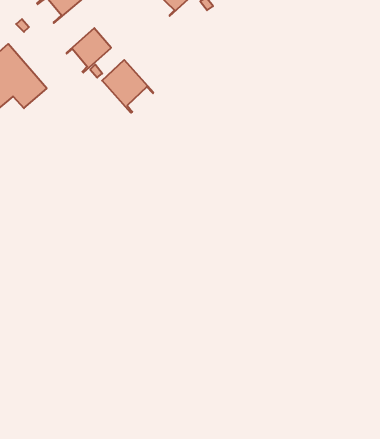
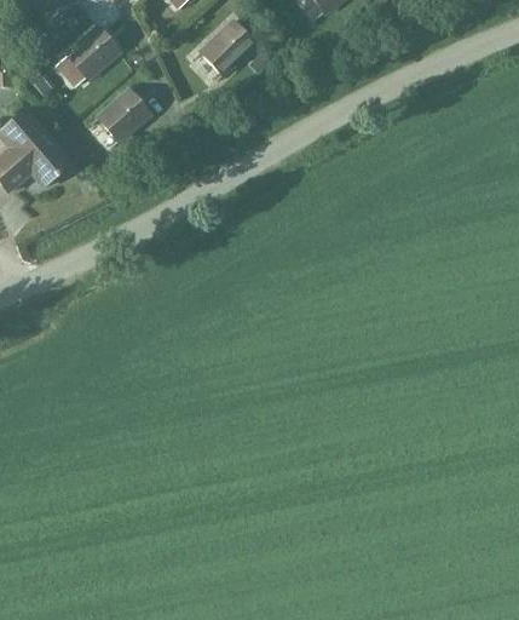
building: [102,60,153,113] -> none

